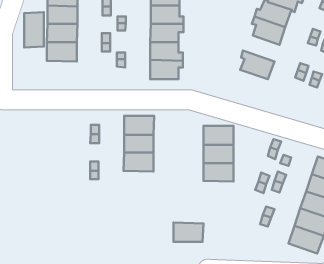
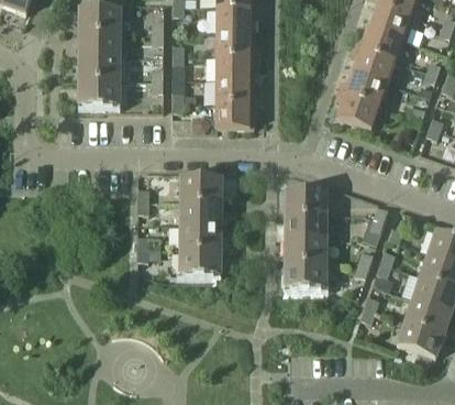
building: [24,12,44,47] -> none
building: none -> [337,70,386,105]
building: none -> [180,249,220,274]
building: [173,223,203,242] -> [286,262,325,287]

